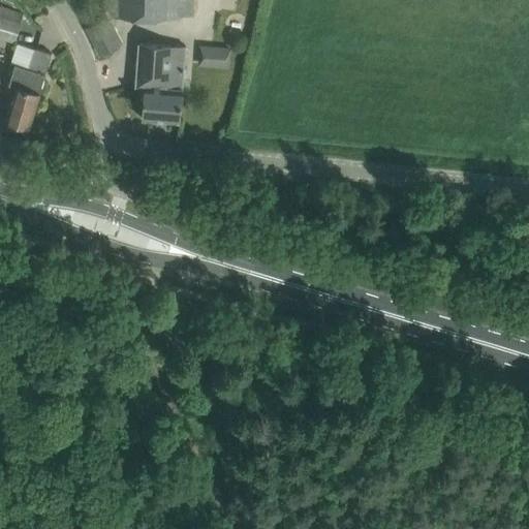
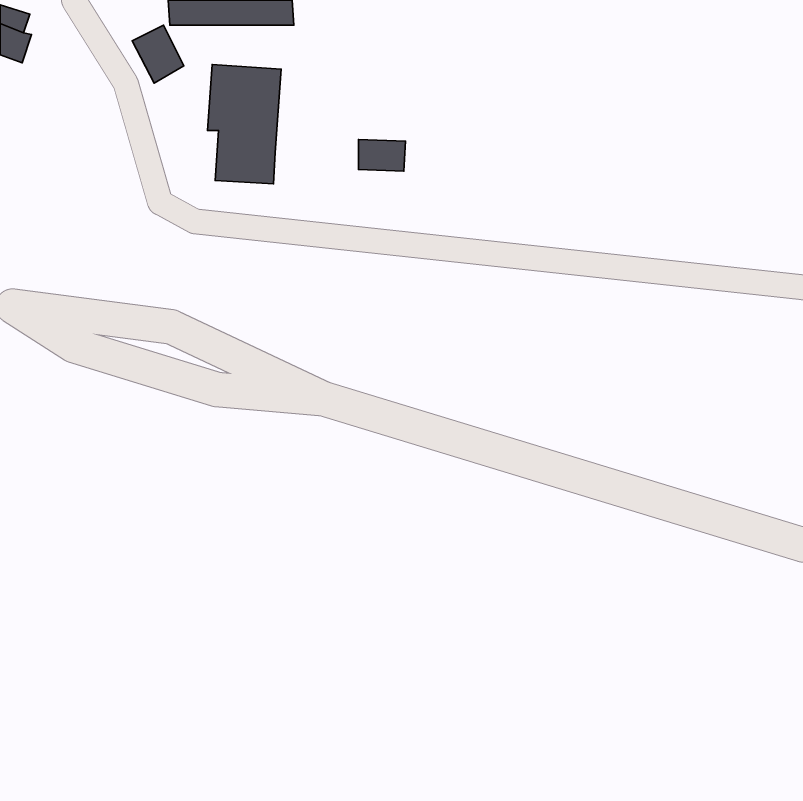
building: [199,46,230,67] -> [358,140,405,171]
building: [5,49,52,127] -> none

